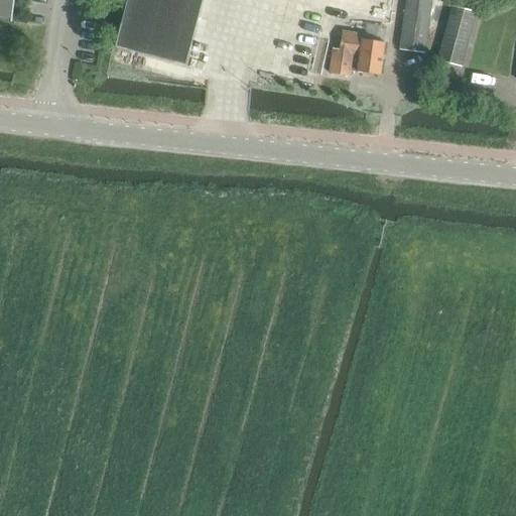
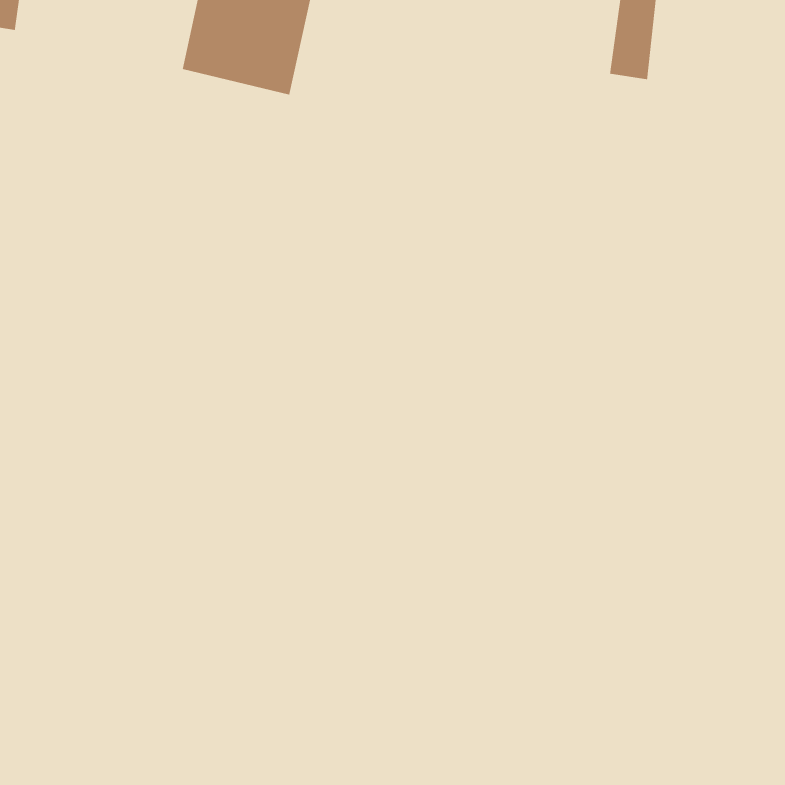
building: [436,5,474,66] -> none
building: [329,30,383,75] -> none

